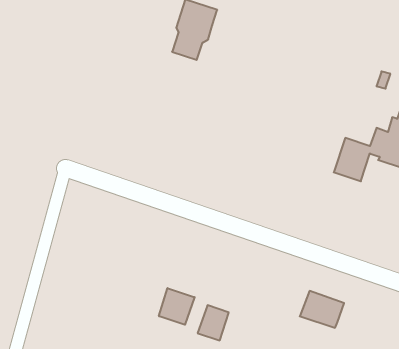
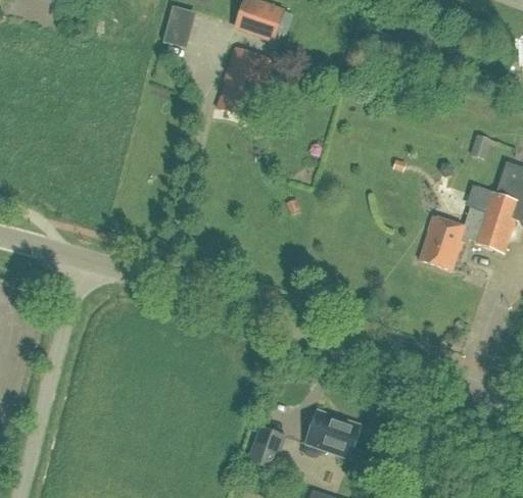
building: [159,288,195,325] -> none
building: [300,291,344,328] -> [304,408,360,454]

